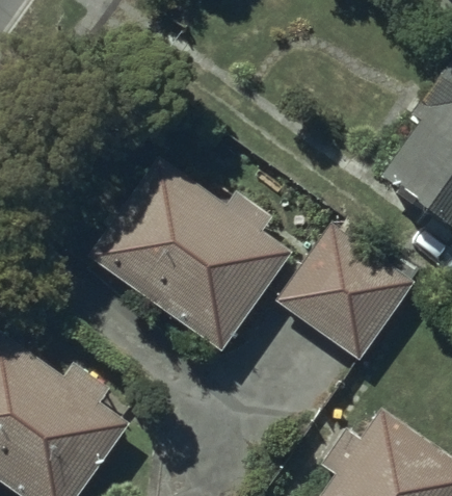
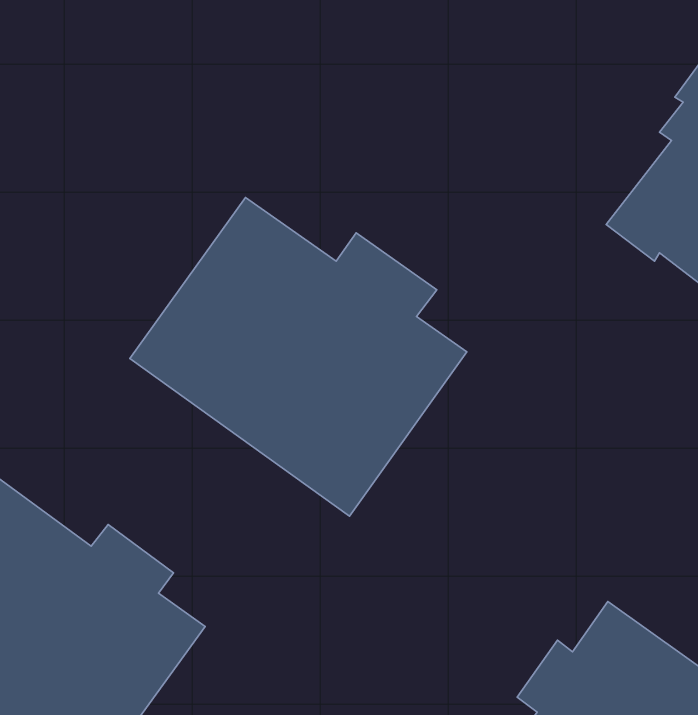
building: [273,223,418,364] -> none

